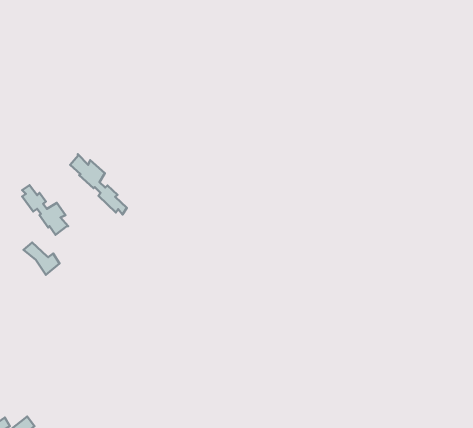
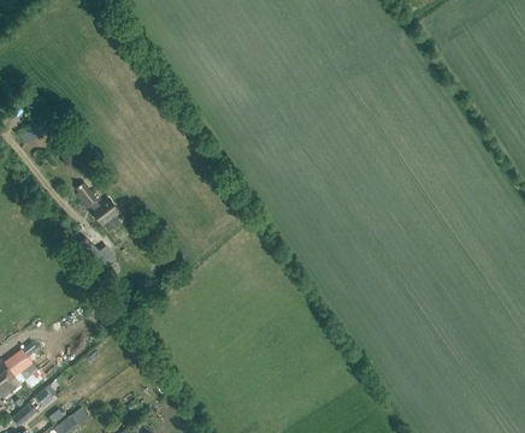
building: [70,154,127,214] -> none

